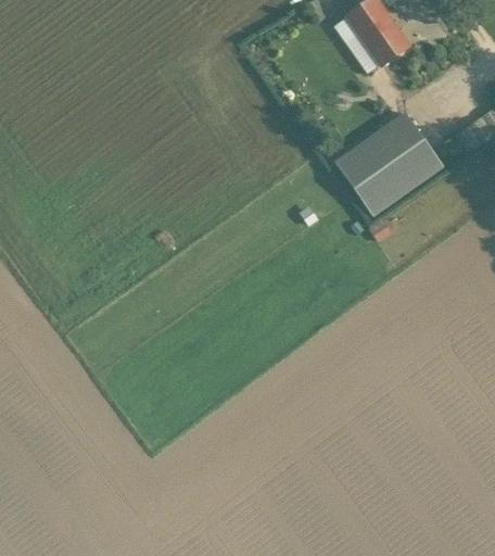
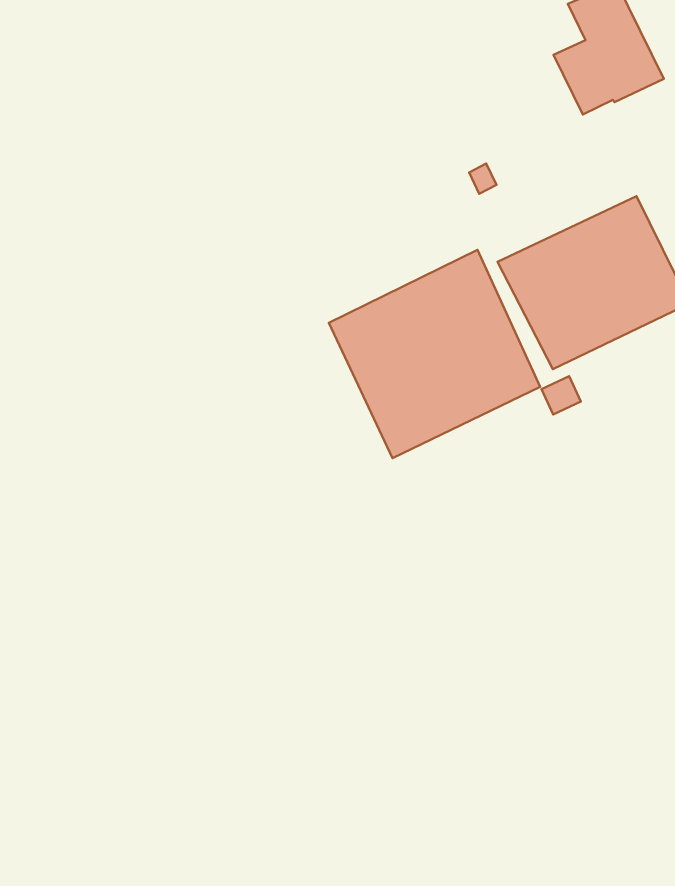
building: none -> [329,250,540,458]

